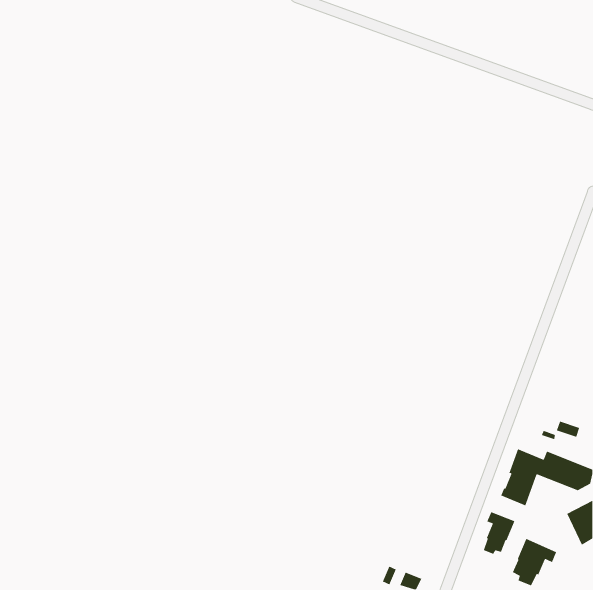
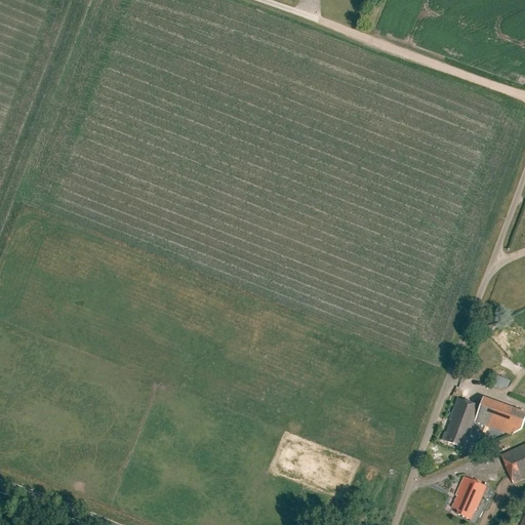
building: [483,511,516,555] -> none

